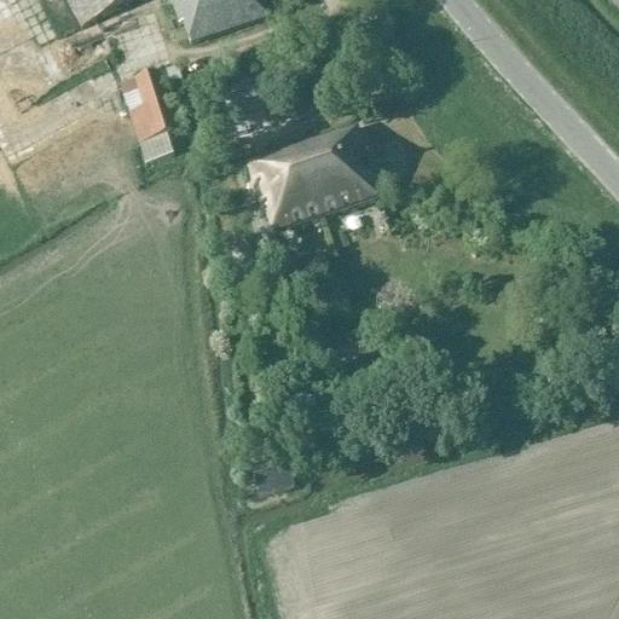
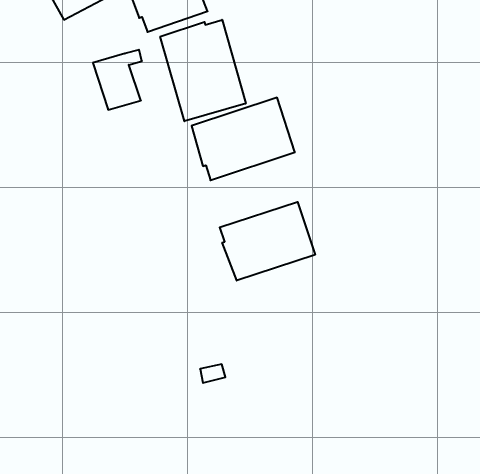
building: none -> [160,20,246,121]
building: none -> [220,202,315,281]

